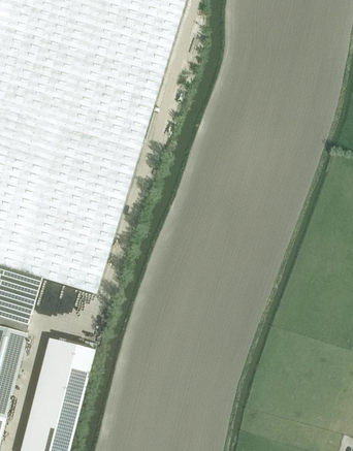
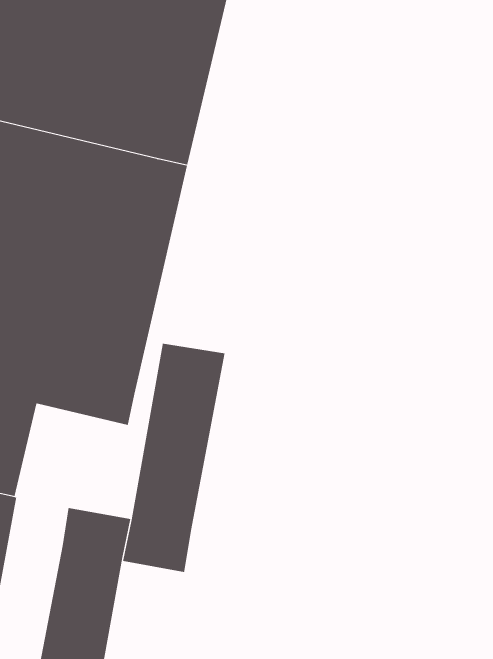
building: none -> [123,343,225,573]

